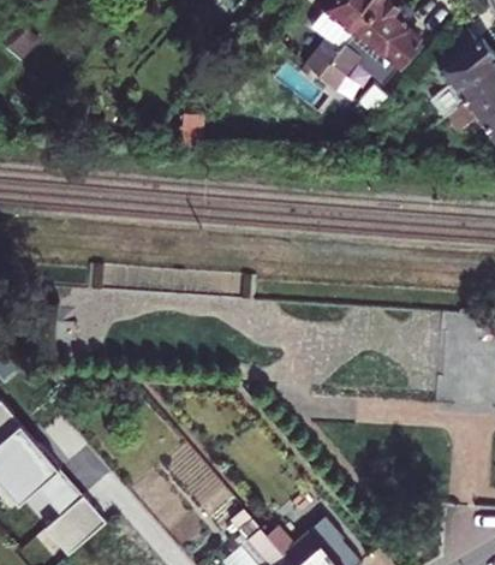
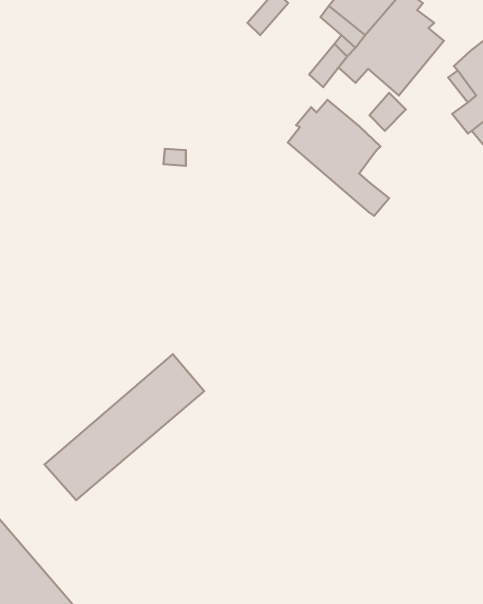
building: none -> [288,100,389,216]
building: none -> [45,354,204,500]

